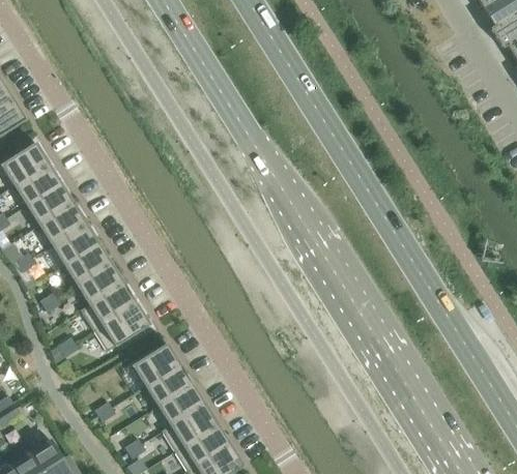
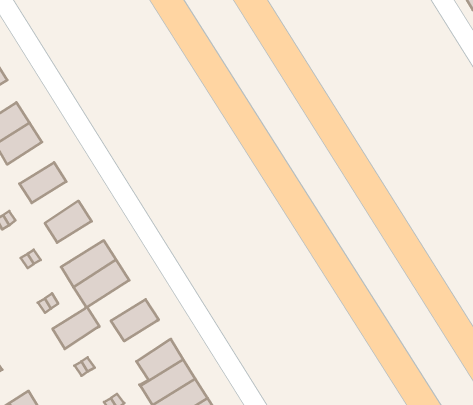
building: [27,183,75,226] -> none
building: [52,224,99,266] -> none
building: [78,264,125,305] -> none
building: [146,364,194,407] -> [53,307,99,349]

